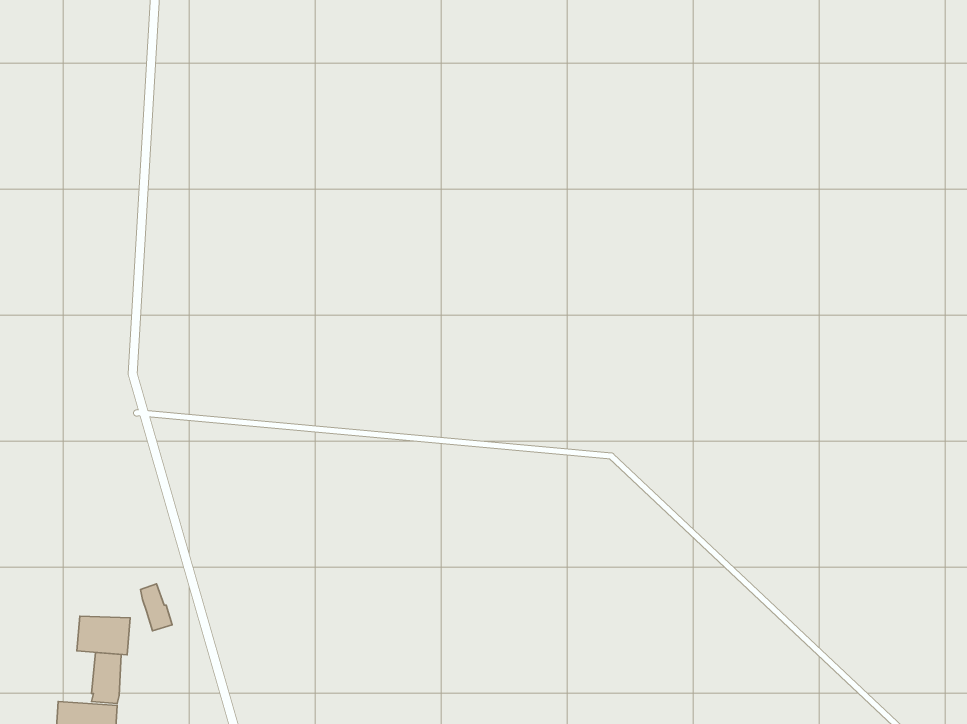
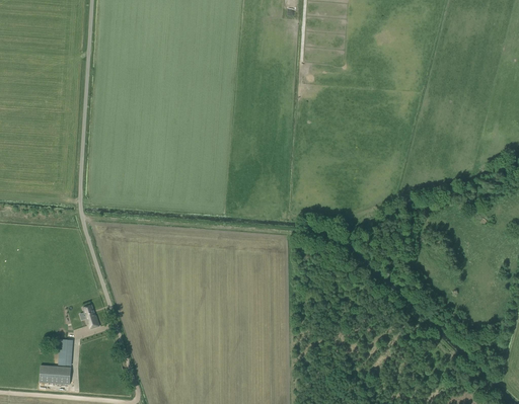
building: [77,616,130,655] -> none

